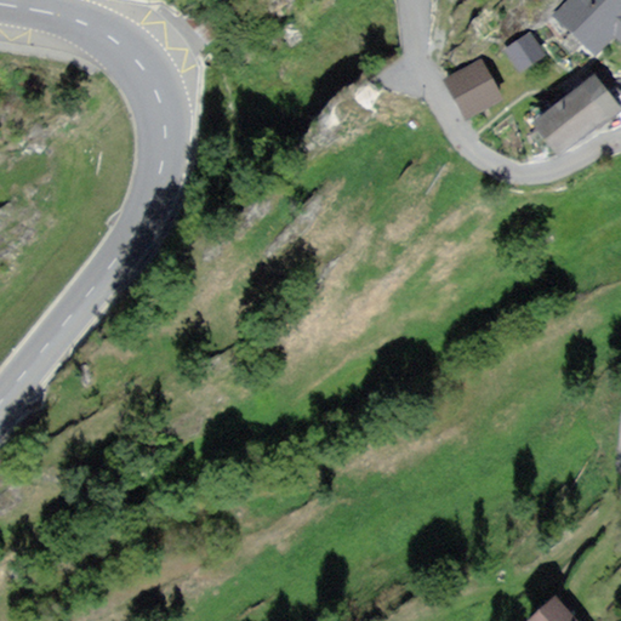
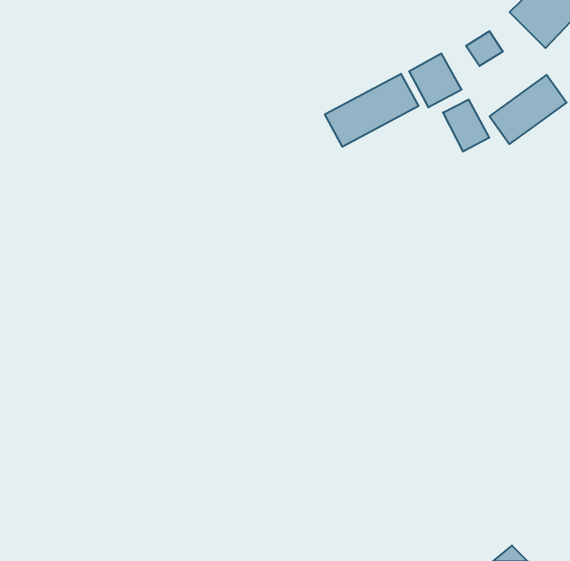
building: none -> [325,74,418,147]
building: none -> [443,100,489,152]

